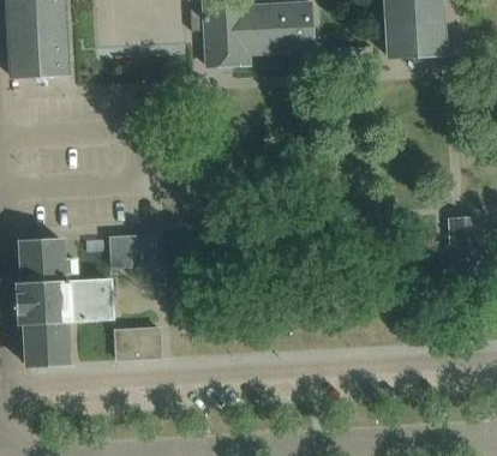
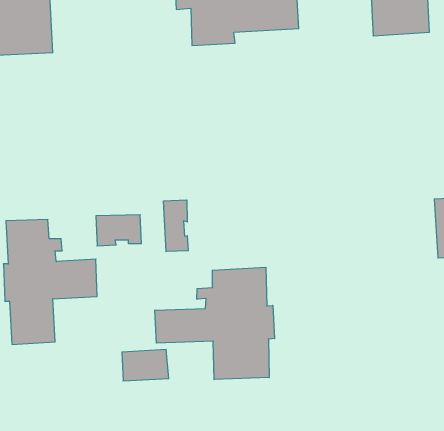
building: none -> [164,200,188,252]
building: none -> [155,267,275,380]
building: [114,328,161,359] -> [122,350,169,381]

